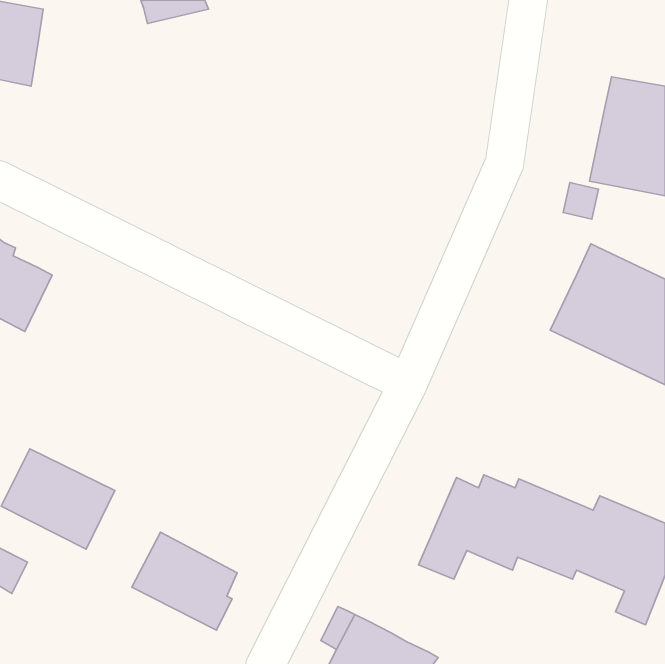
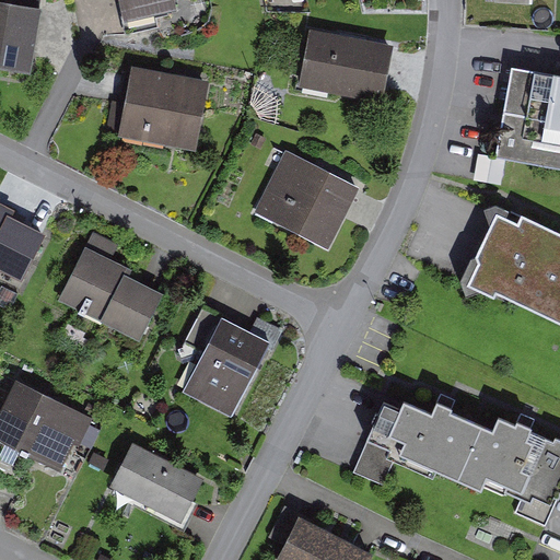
building: none -> [301,35,389,96]
building: none -> [119,66,205,148]
building: none -> [257,155,354,247]
building: none -> [60,235,160,338]
building: none -> [183,311,282,416]

